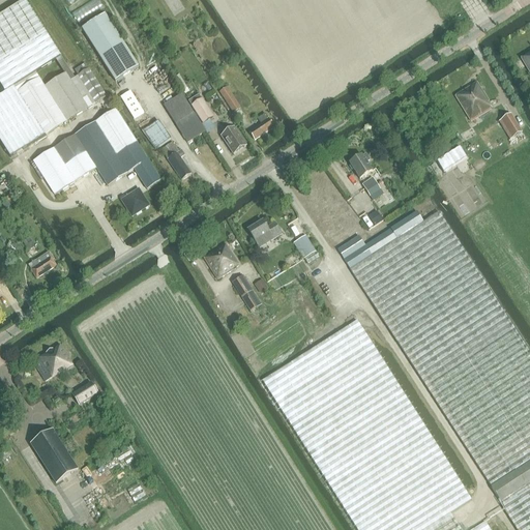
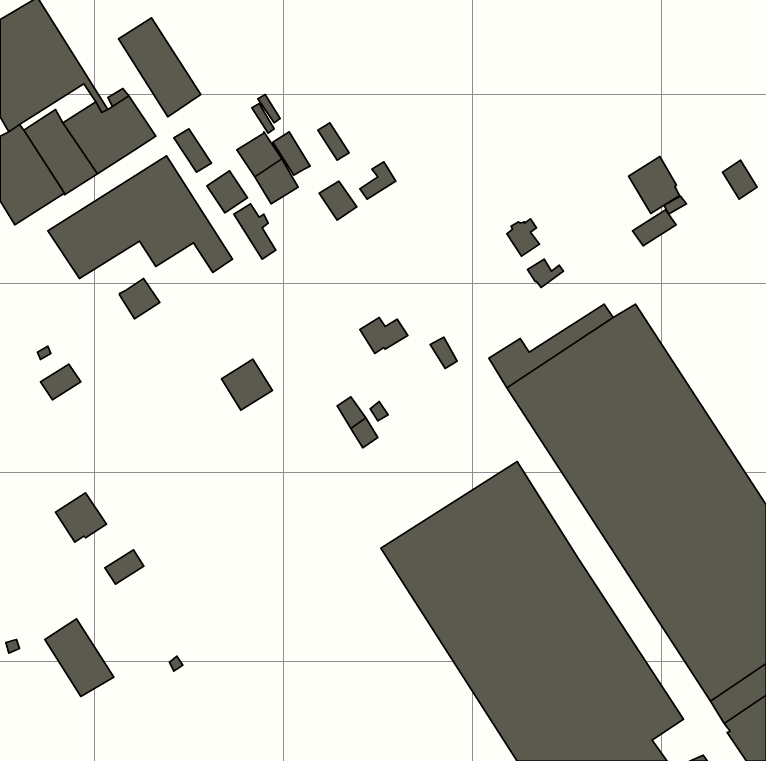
building: [455,81,491,120] -> [628,157,679,213]
building: [121,187,149,215] -> [119,278,160,319]
building: [204,242,239,277] -> [221,359,272,410]

